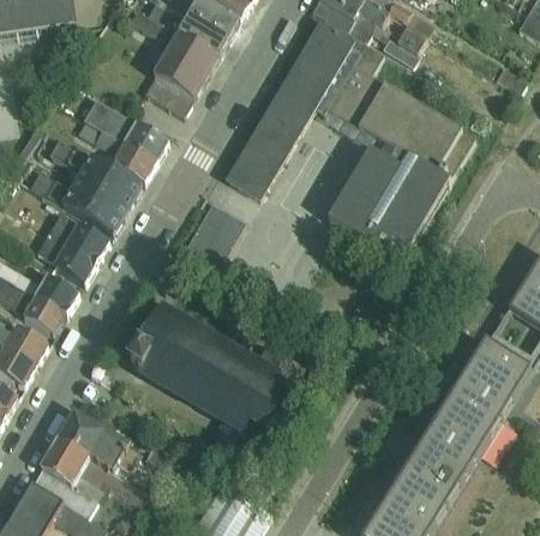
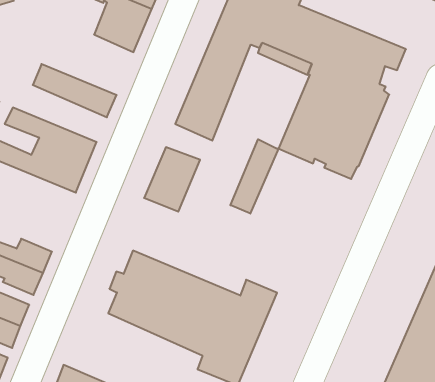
building: [144,74,192,115] -> none
building: [76,118,155,182] -> none
building: none -> [230,139,279,214]
building: [37,212,108,282] -> none

